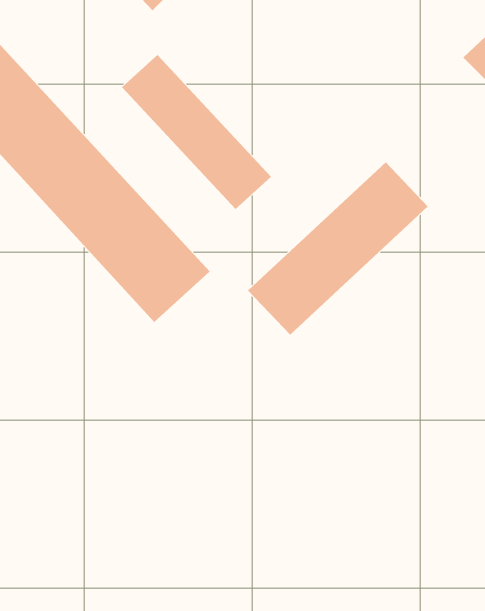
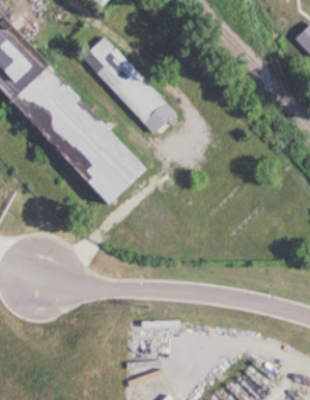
building: [247,161,429,335] -> none

